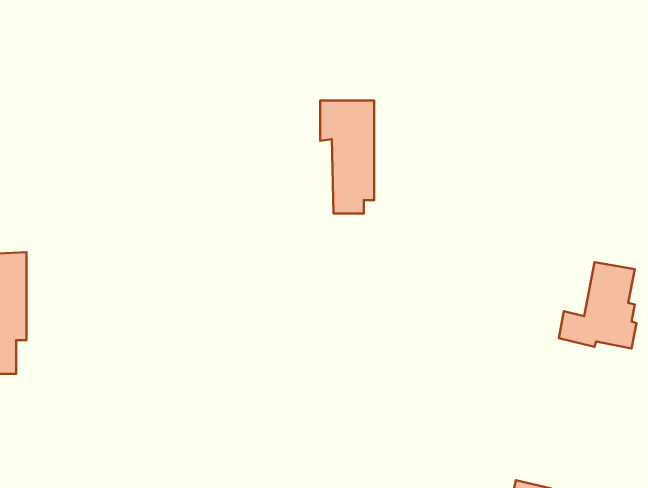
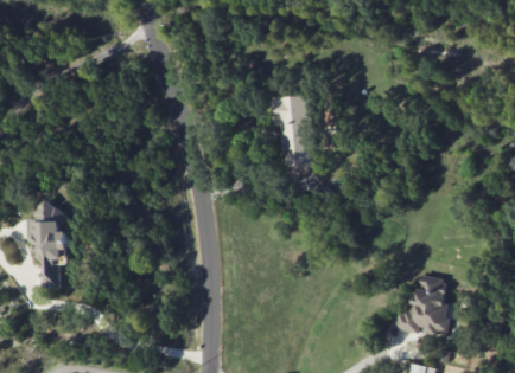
building: [559,262,637,348] -> [394,275,449,335]

